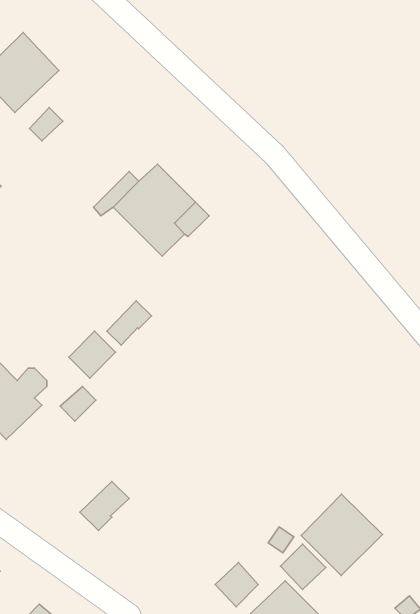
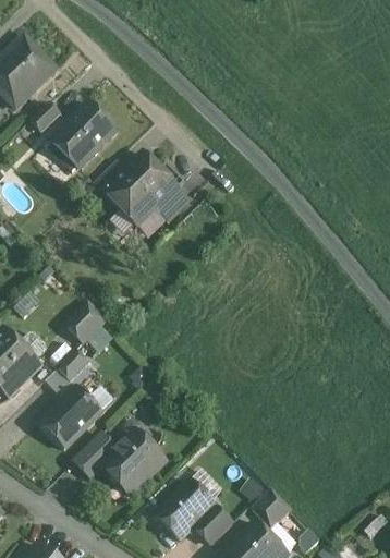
building: none -> [49,104,114,169]
building: [107,301,151,345] -> none
building: none -> [39,386,101,448]
building: none -> [100,432,163,494]
building: [301,494,383,576] -> none
building: none -> [155,481,214,539]

